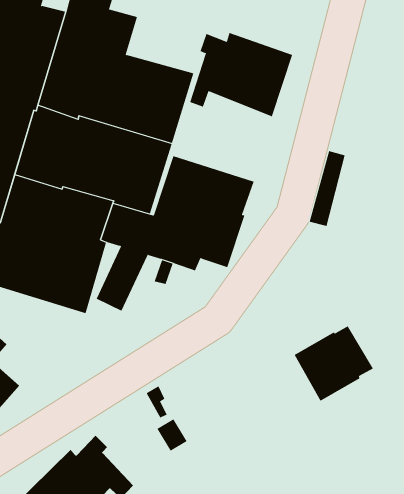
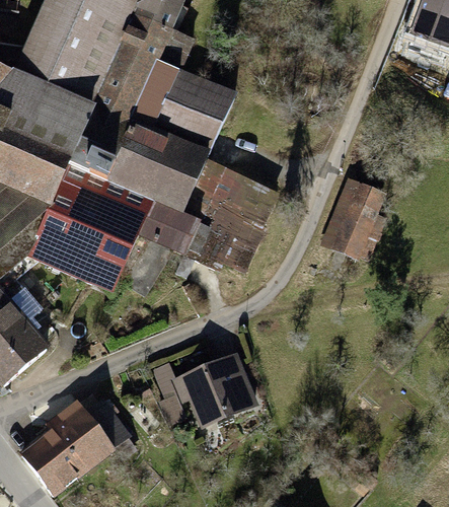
building: [189,32,293,117] -> none
building: none -> [331,184,383,257]
building: [294,325,374,401] -> [186,357,254,420]

